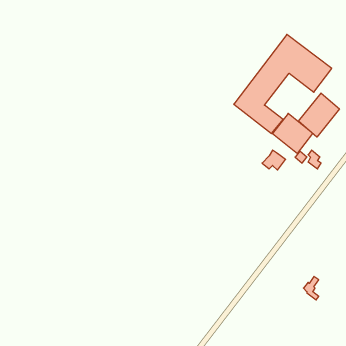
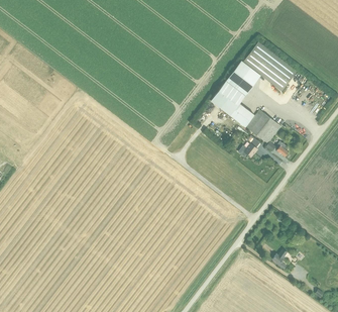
building: [298,93,339,137] -> none

